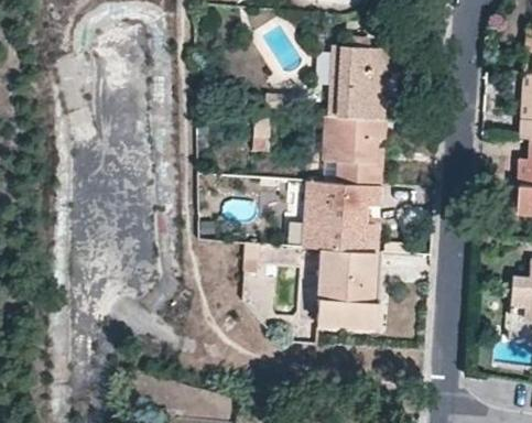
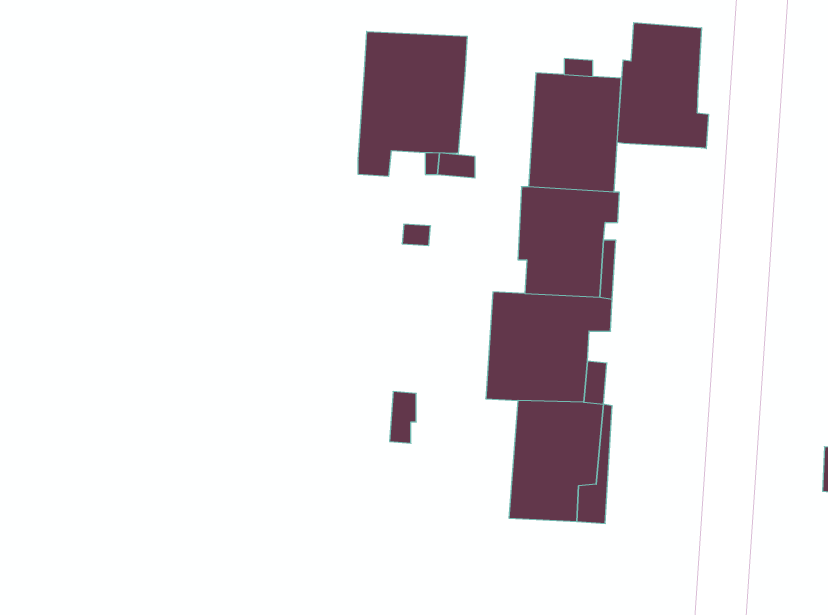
building: none -> [617,23,708,149]
building: none -> [358,31,467,176]

